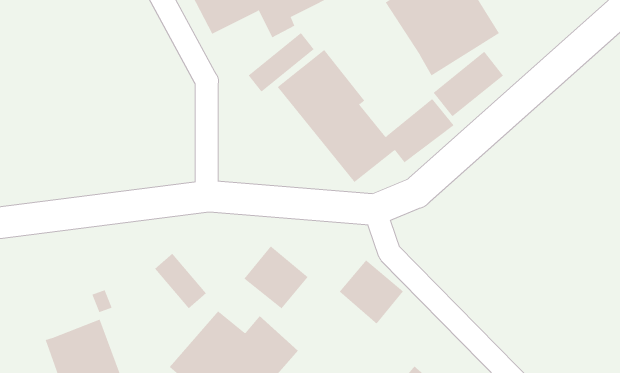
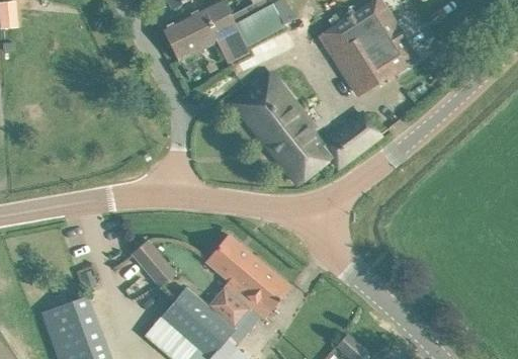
building: [248,32,315,93] -> none
building: [433,51,504,117] -> none
building: [339,260,404,325] -> [237,261,290,315]

